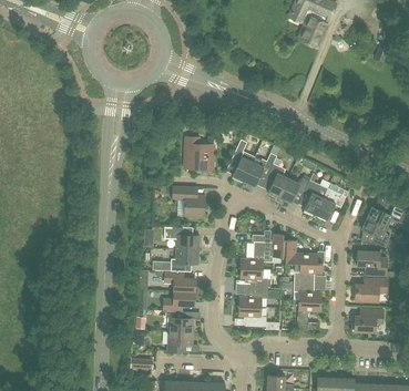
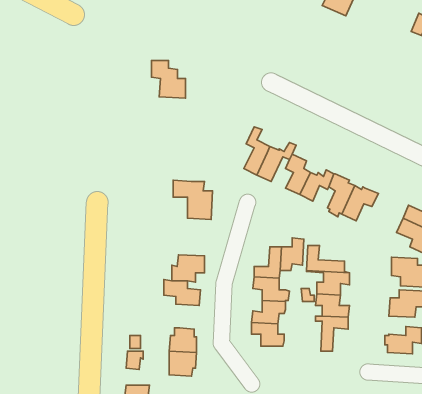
building: [184,136,213,168] -> [151,60,185,98]
building: [172,226,200,249] -> none
building: [163,290,194,310] -> none

